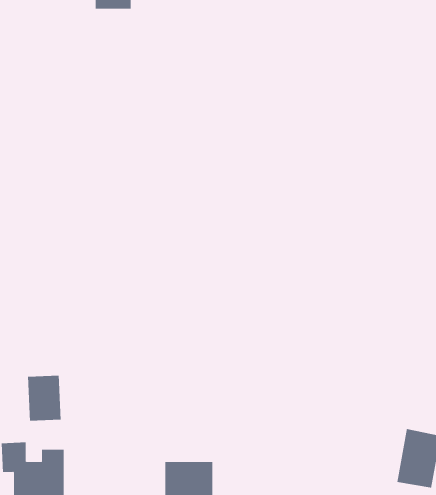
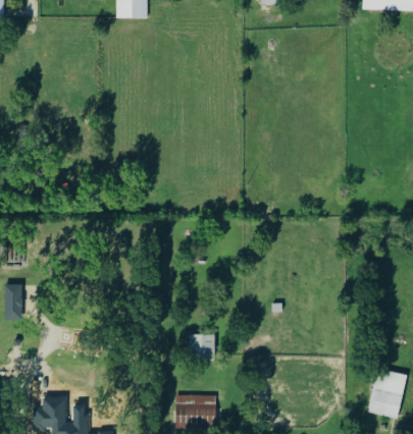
building: [28,375,61,421] -> none
building: none -> [188,335,213,360]

